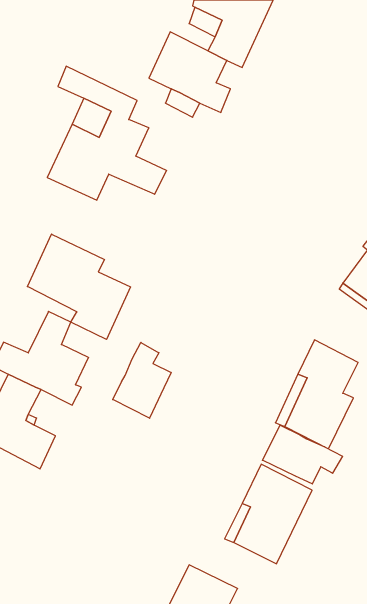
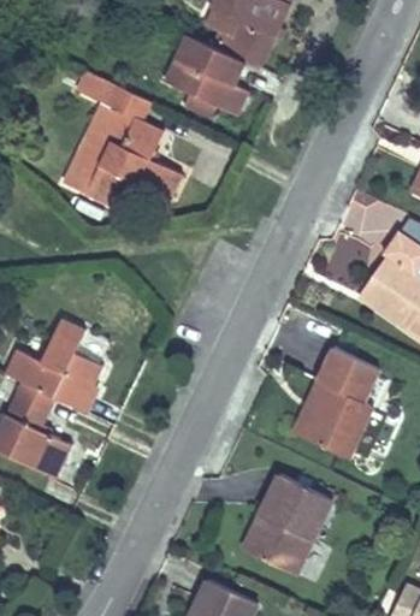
building: [27,234,130,339] -> none
building: [113,342,171,418] -> none
building: [262,425,343,484] -> none

